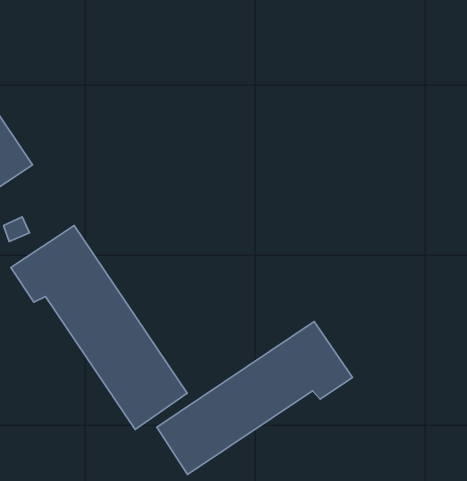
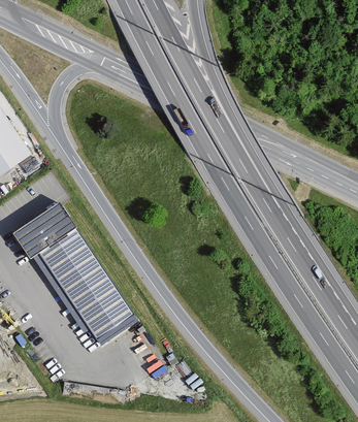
building: [157,322,352,474] -> none

